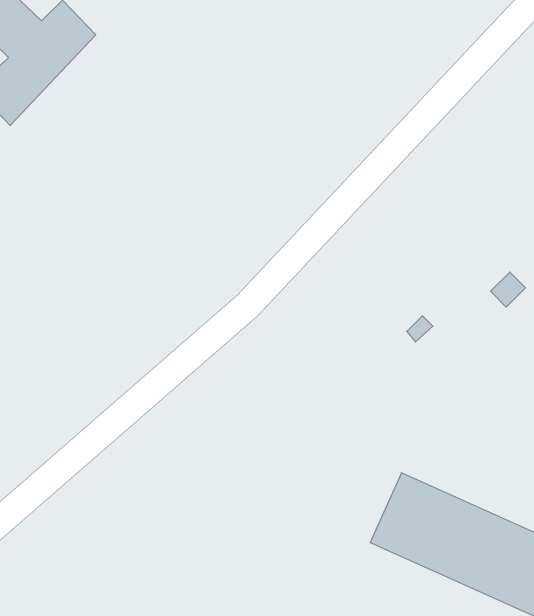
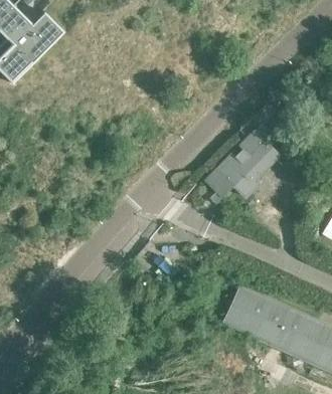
building: none -> [204,131,292,204]

